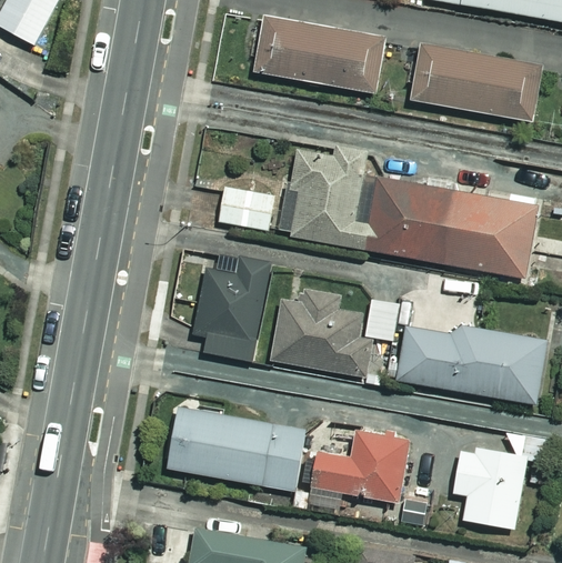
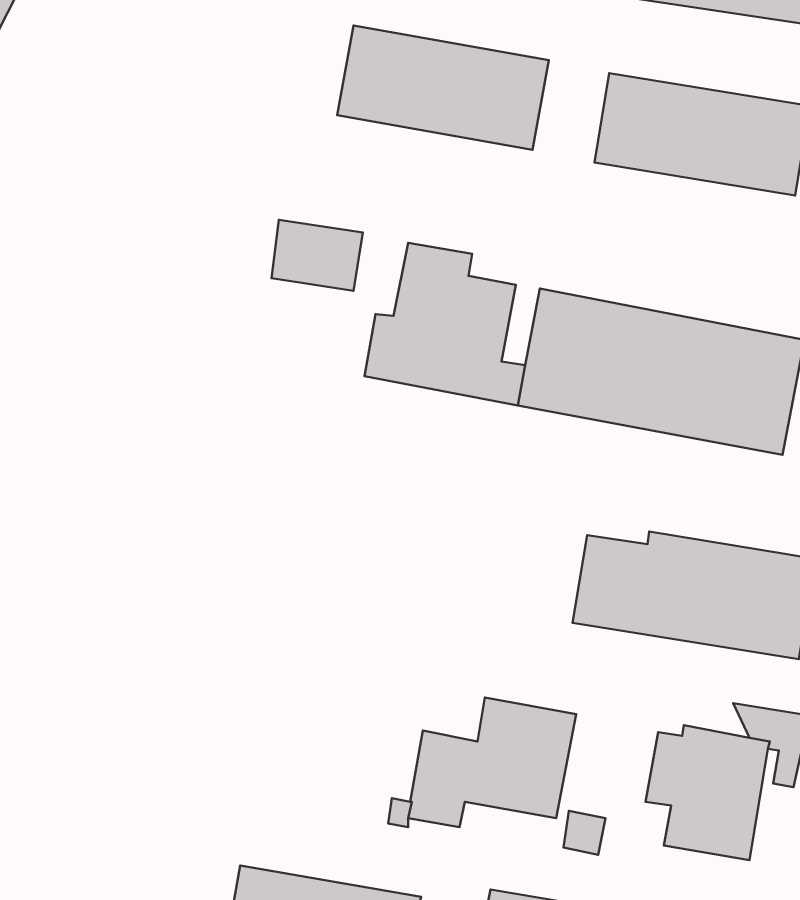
building: [220,187,275,230] -> [271,220,363,291]
building: [194,263,271,361] -> none
building: [269,288,399,374] -> none
building: [158,403,298,487] -> none

